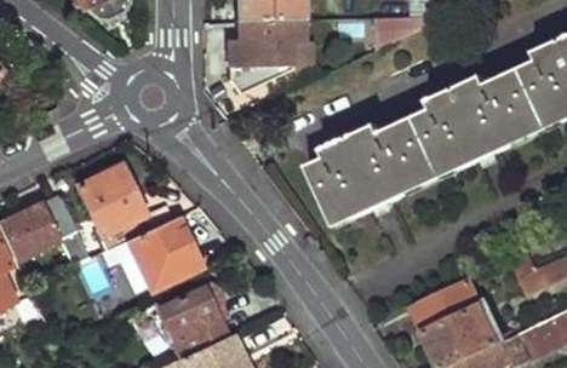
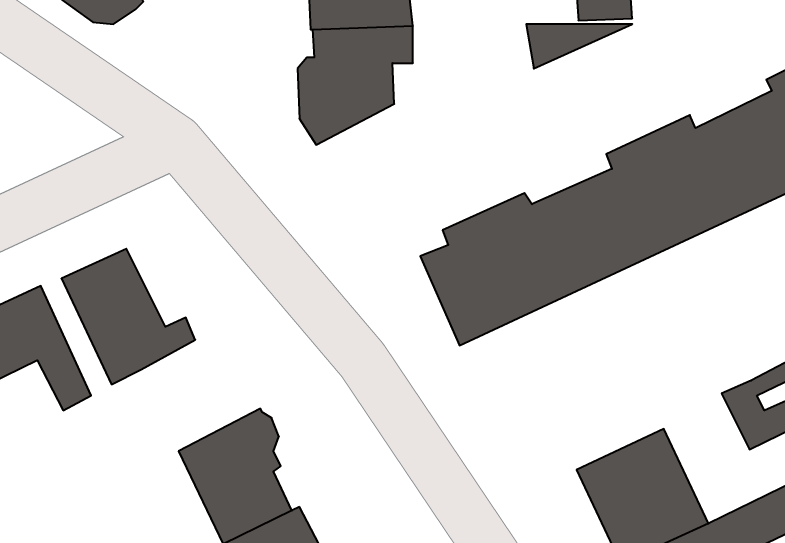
building: [128,214,200,286] -> none

